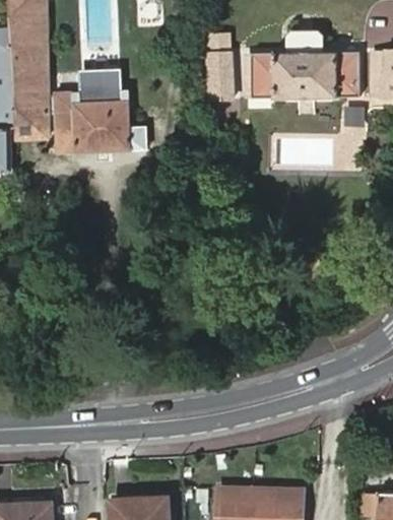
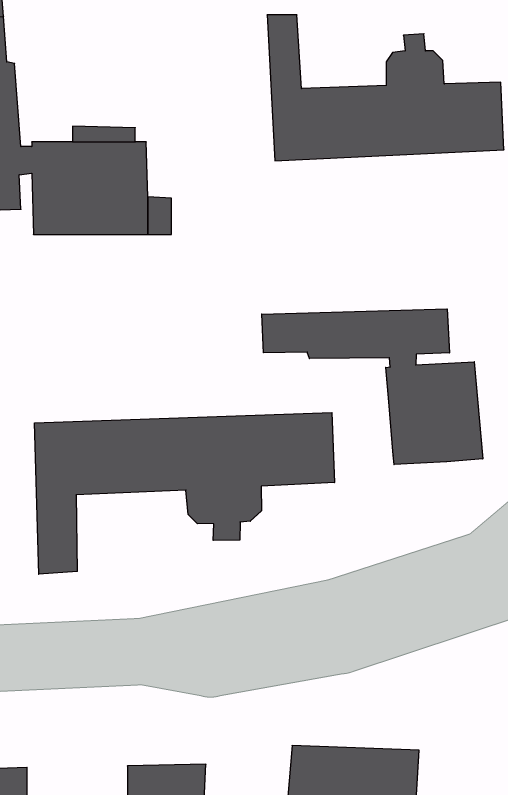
building: none -> [262,309,483,465]
building: none -> [35,413,334,574]

